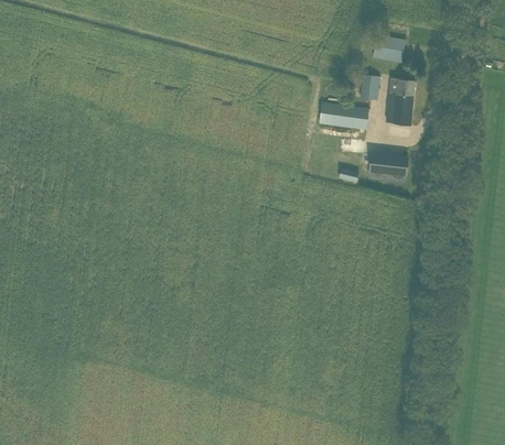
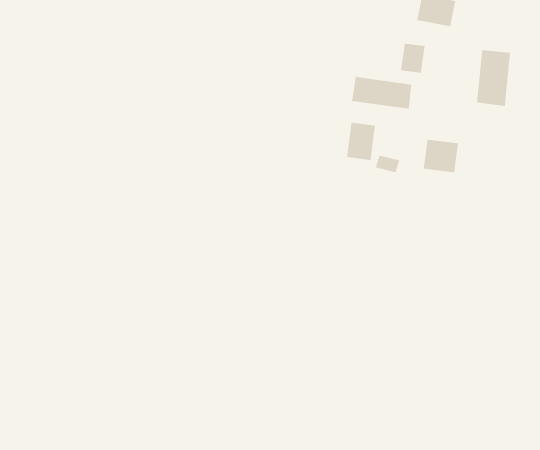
building: [386,78,415,126] -> [476,50,511,107]
building: none -> [346,122,376,161]

